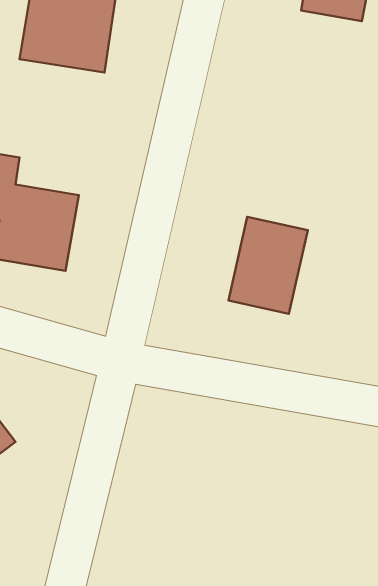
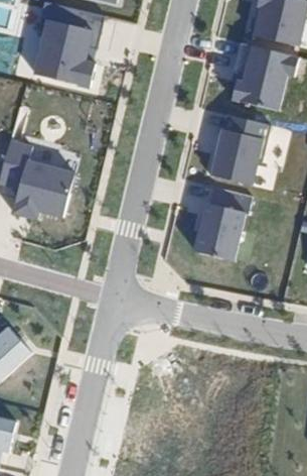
building: none -> [229,41,289,109]
building: none -> [207,111,265,184]

